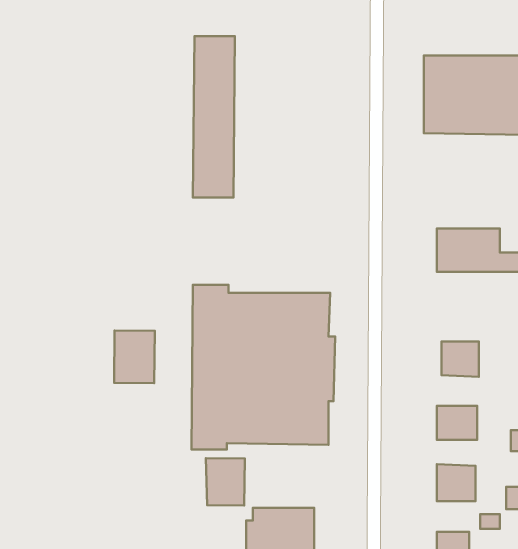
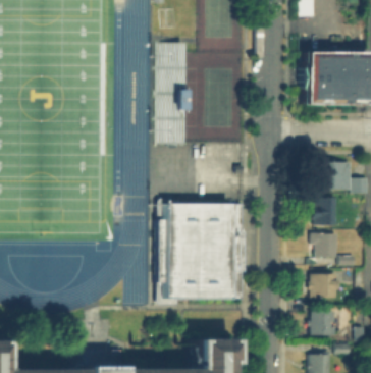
building: none -> [315,200,337,224]
building: [114,331,155,383] -> none
building: [206,458,245,505] -> none

